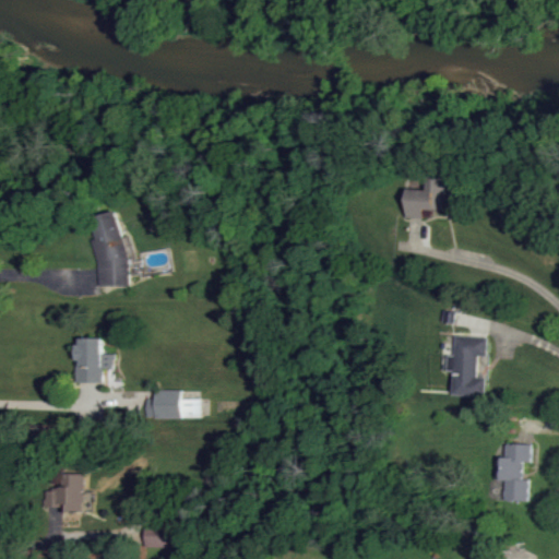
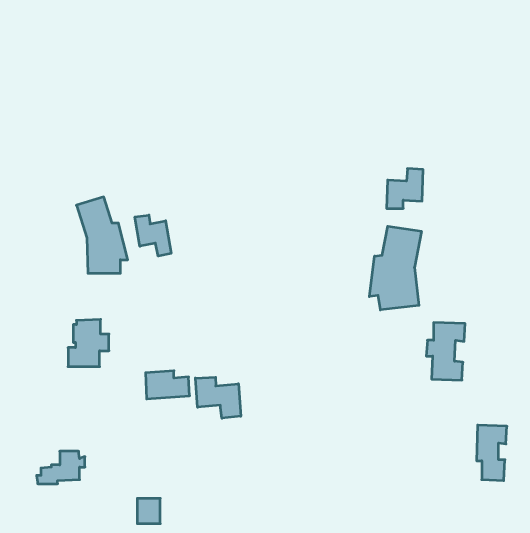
building: none -> [135,215,171,256]
building: none -> [369,226,421,310]
building: none -> [195,377,241,418]

